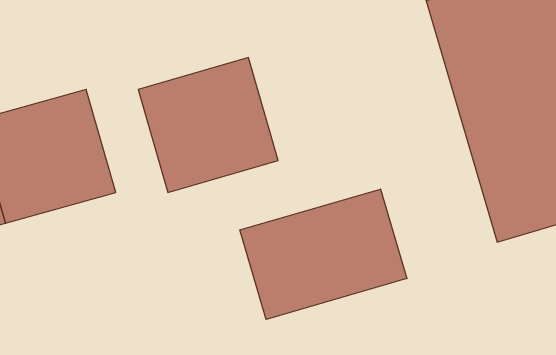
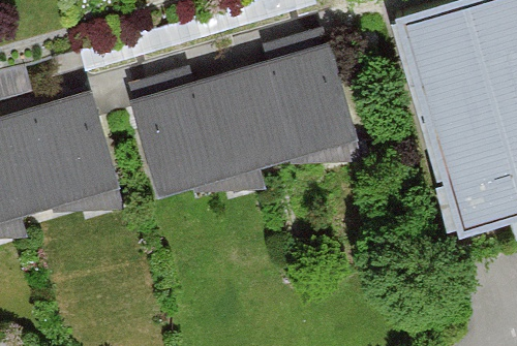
building: none -> [235,46,357,164]
building: [240,189,407,319] -> none

